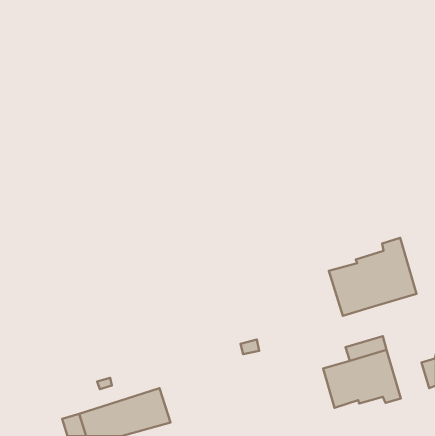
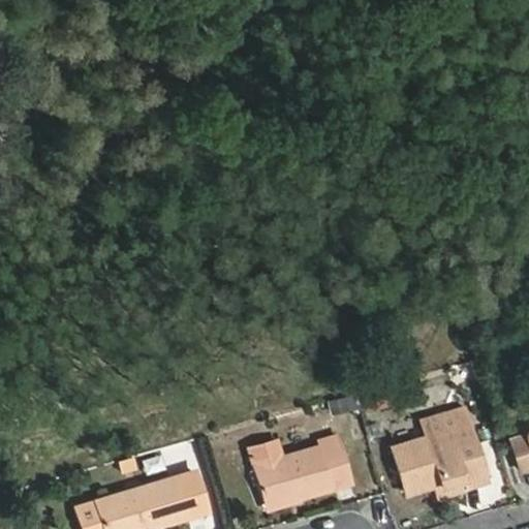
building: [329,238,416,316] -> none
building: none -> [253,436,351,503]

